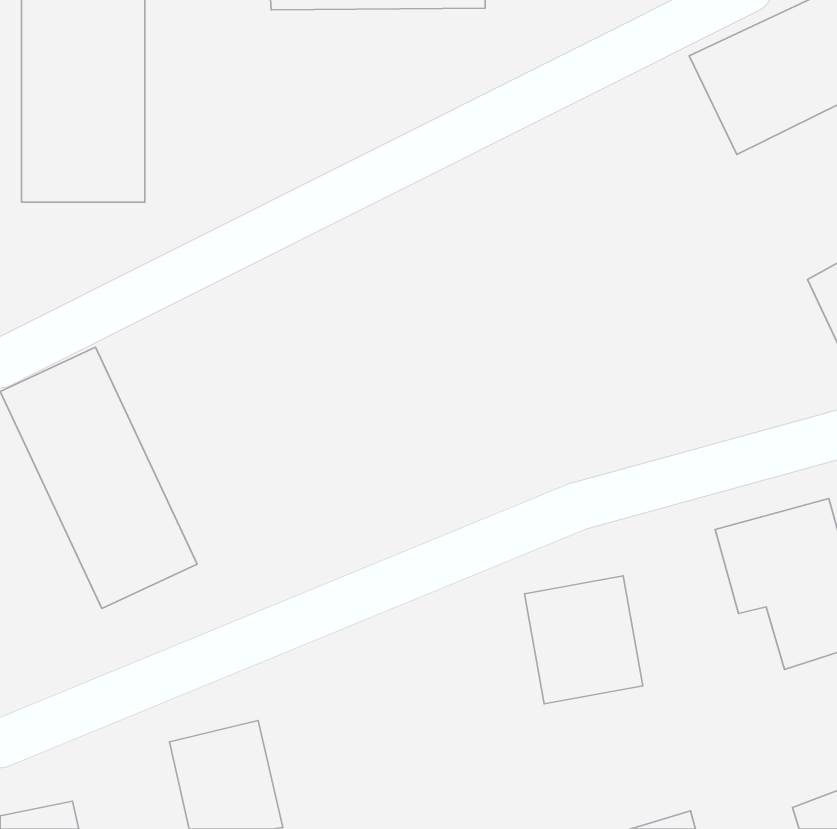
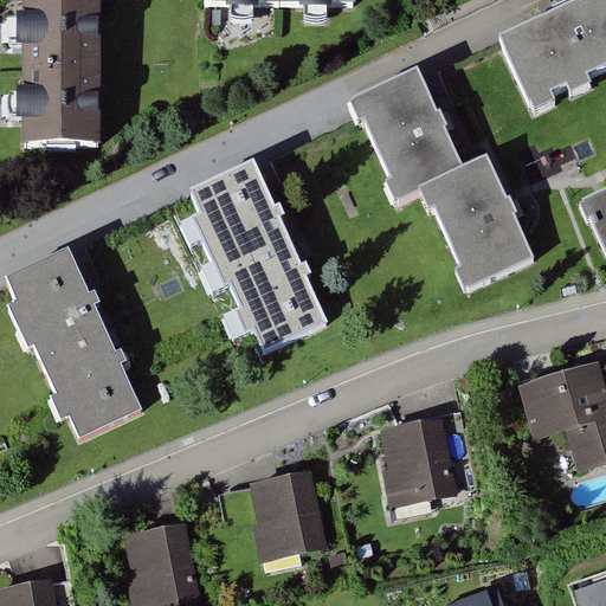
building: none -> [347,72,536,291]
building: none -> [188,163,327,348]
building: none -> [250,466,333,557]

